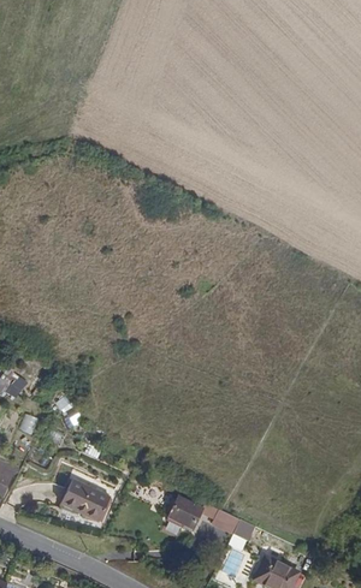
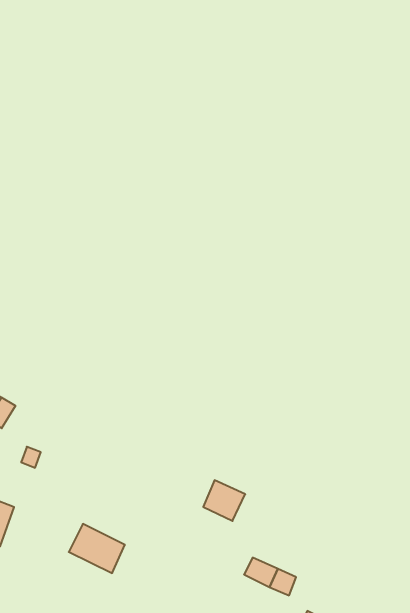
building: [168,495,205,530] -> [203,480,245,521]

